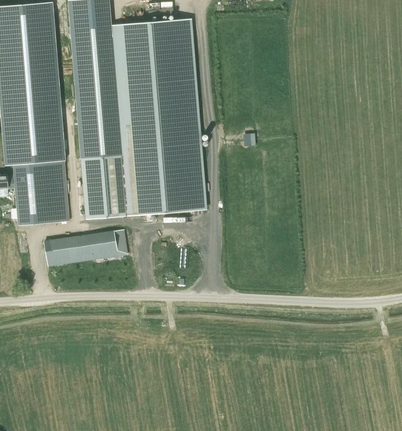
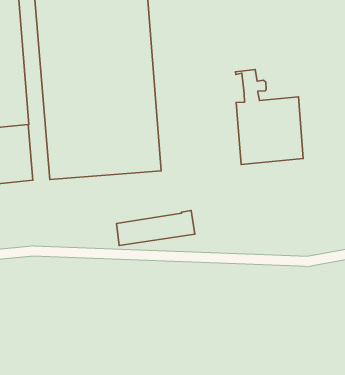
building: none -> [235,69,303,164]
building: [44,228,127,265] -> [116,210,195,245]

